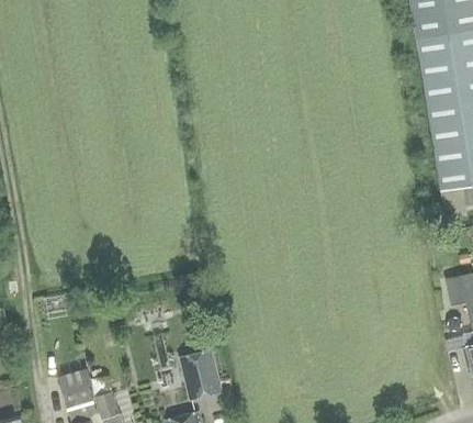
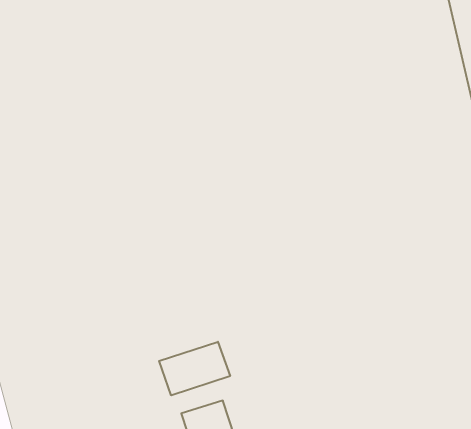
building: none -> [159,342,230,395]

